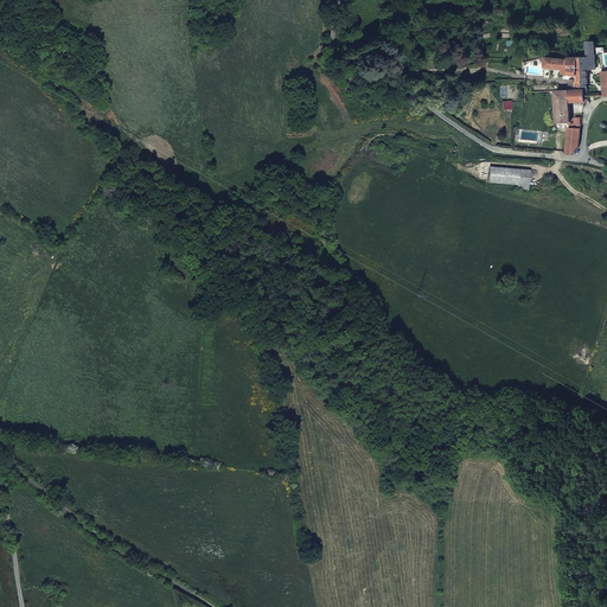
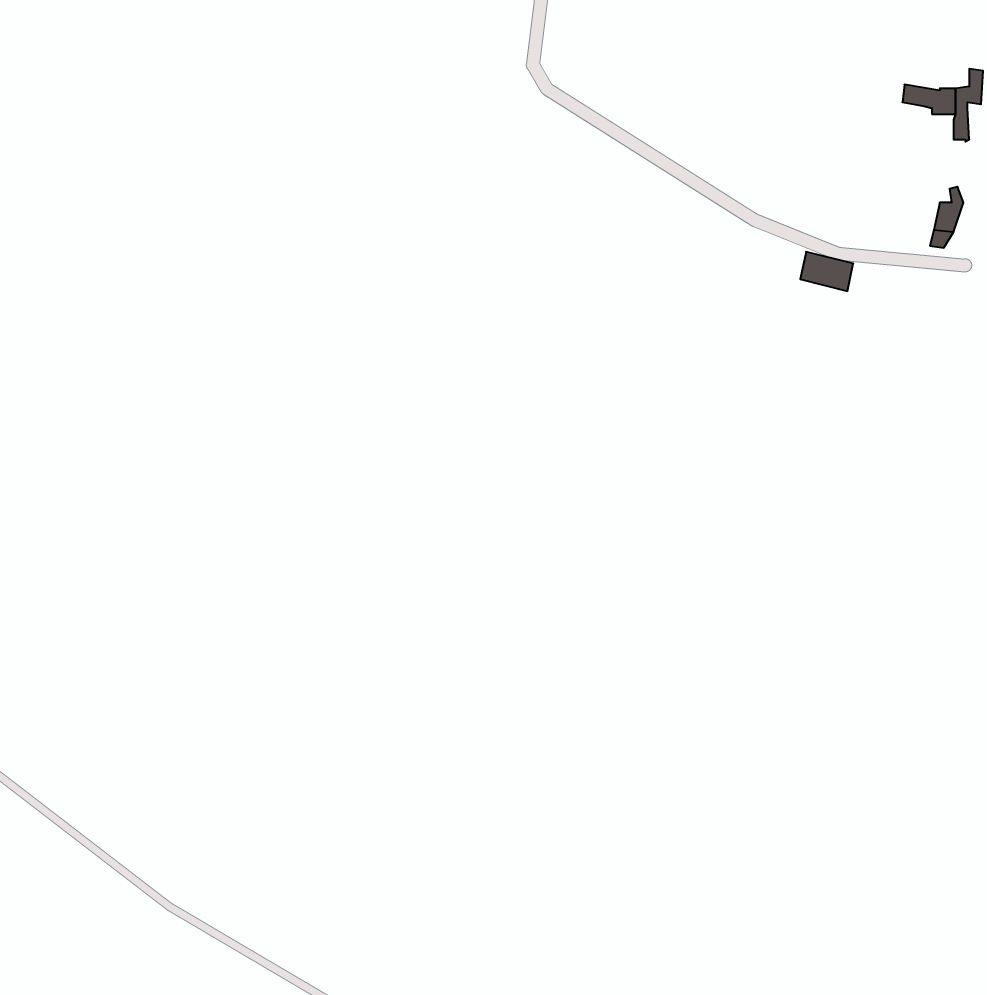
building: [552,90,582,124] -> none

